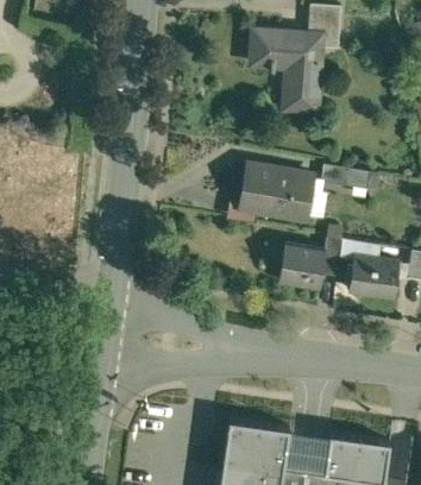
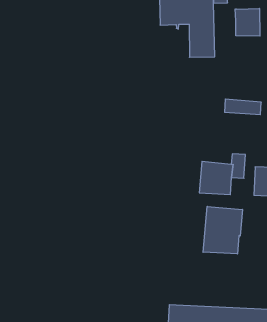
building: none -> [235,8,260,36]
building: [245,169,314,220] -> none
building: none -> [203,206,242,254]

